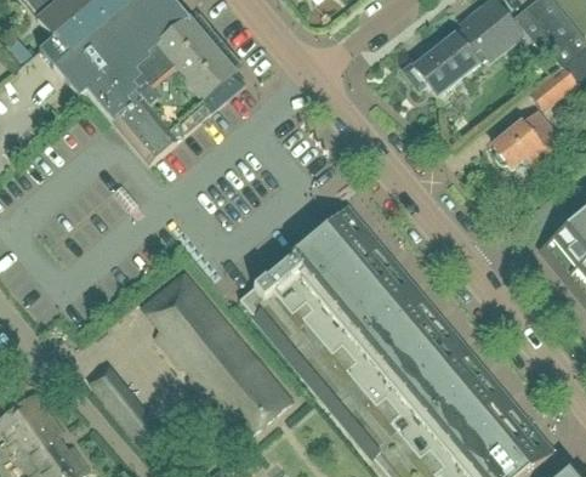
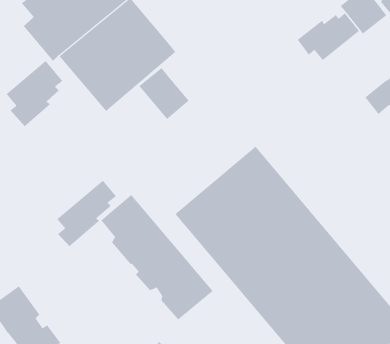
building: none -> [6,60,63,127]
building: none -> [138,67,189,120]
building: none -> [57,180,117,247]

